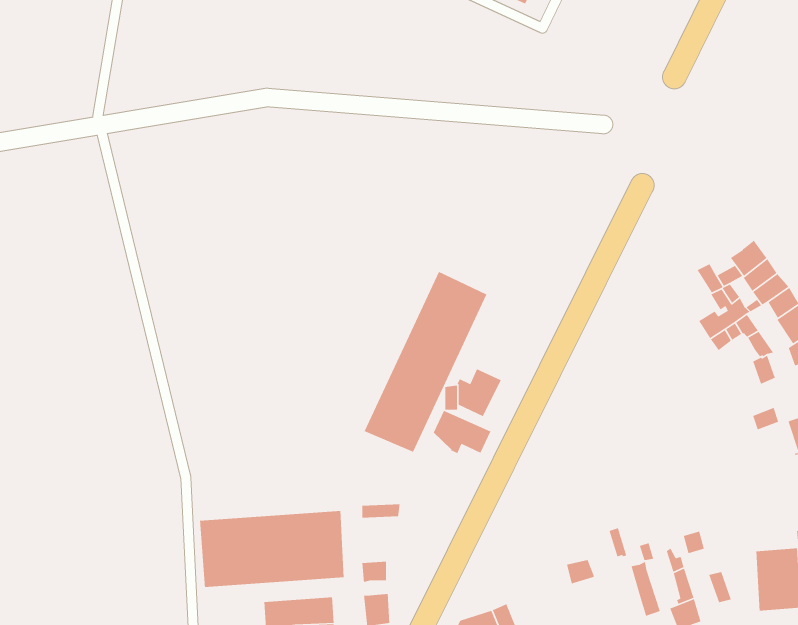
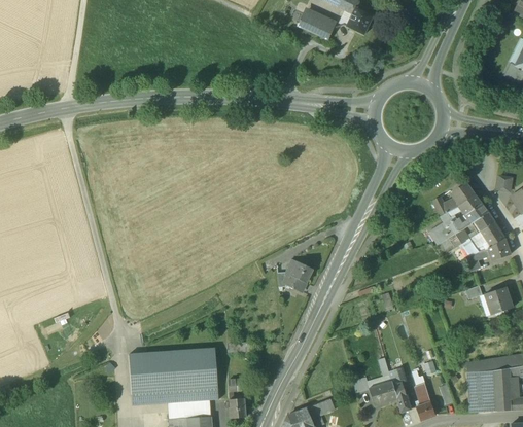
building: [363,271,488,453] -> none
building: [433,410,491,454] -> none
building: none -> [369,382,396,405]

